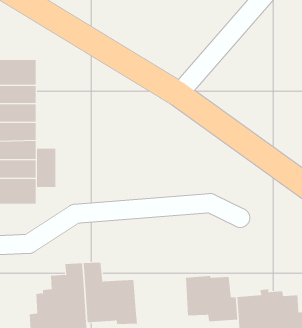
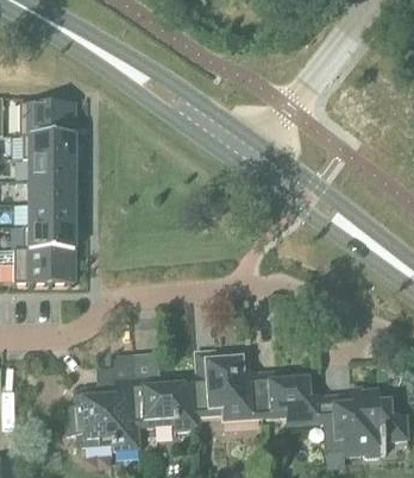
building: [36,148,56,188] -> none
building: none -> [194,350,261,420]

